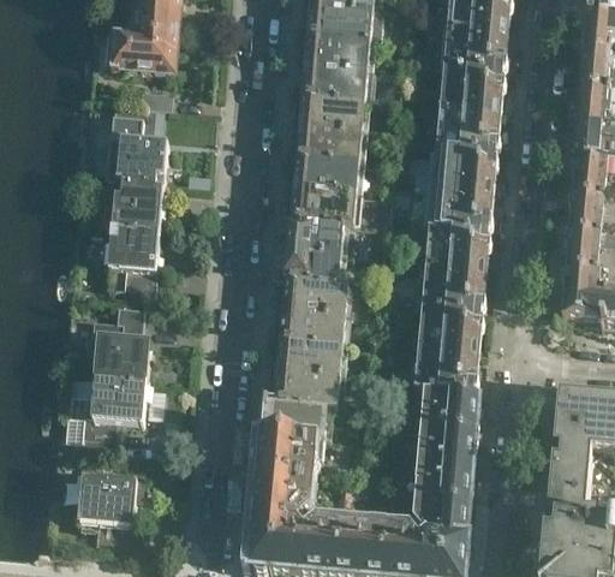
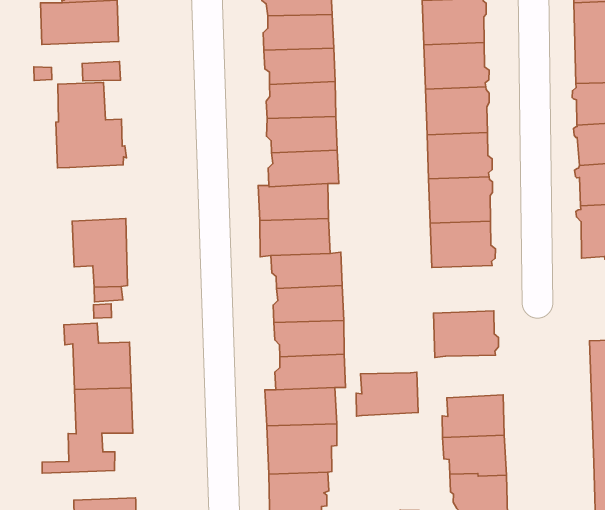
building: [112,176,163,227] -> none
building: [423,305,483,351] -> none
building: [420,386,479,427] -> [356,372,418,416]

